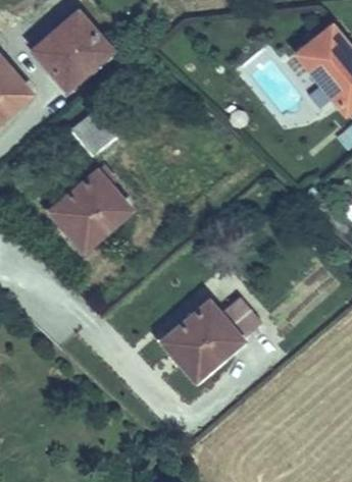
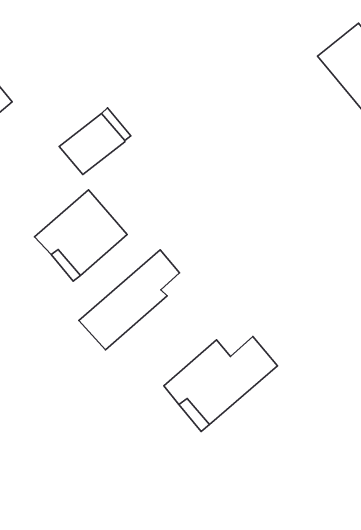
building: [33,11,111,89] -> none
building: none -> [79,250,179,350]

